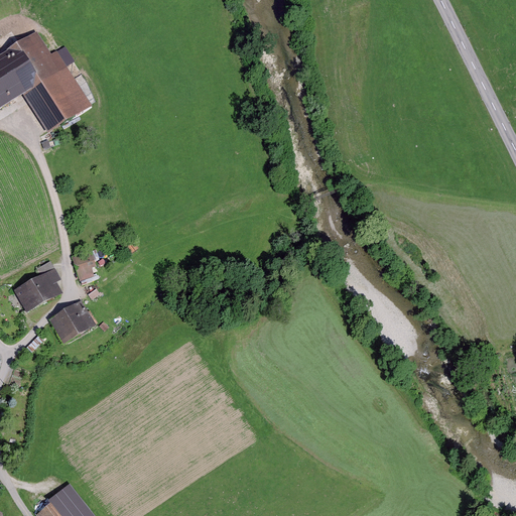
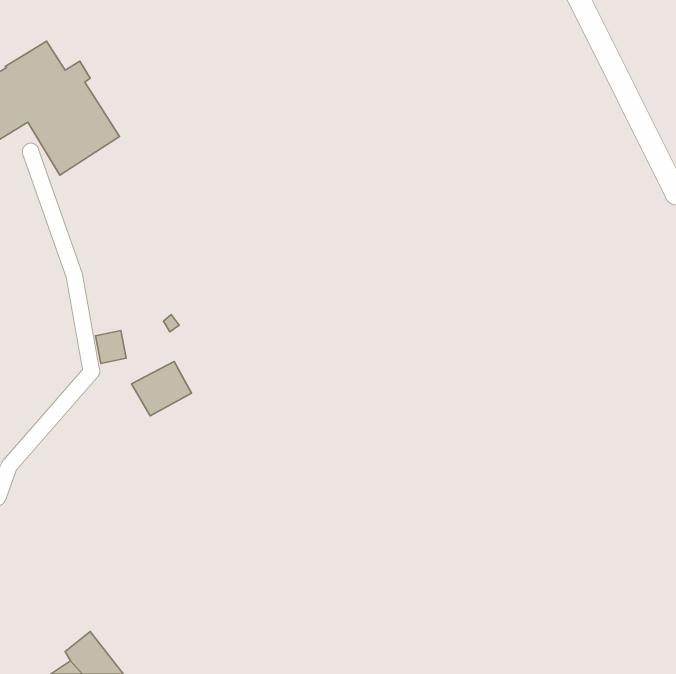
building: [13,271,60,312] -> none
building: [48,302,94,344] -> [132,361,191,416]

